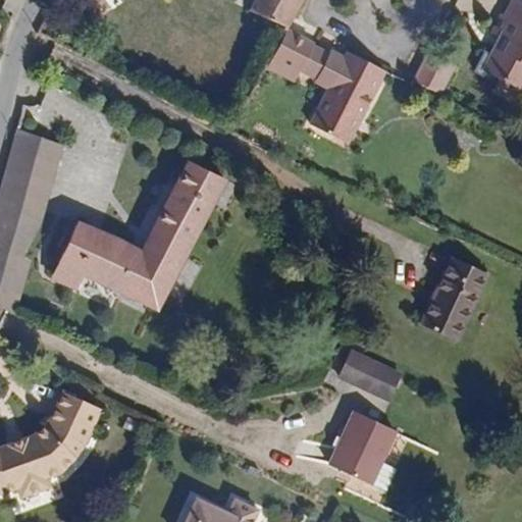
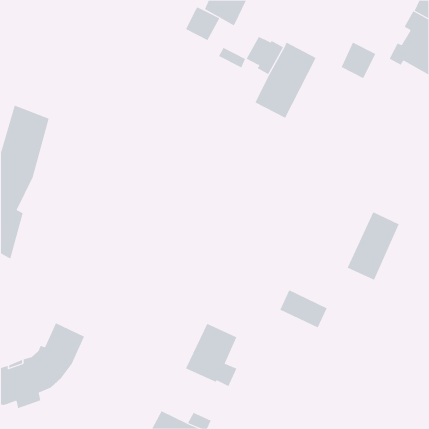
building: [271,30,314,71] -> [185,7,220,41]
building: [50,160,222,307] -> none
building: [329,412,393,489] -> [185,323,237,387]

